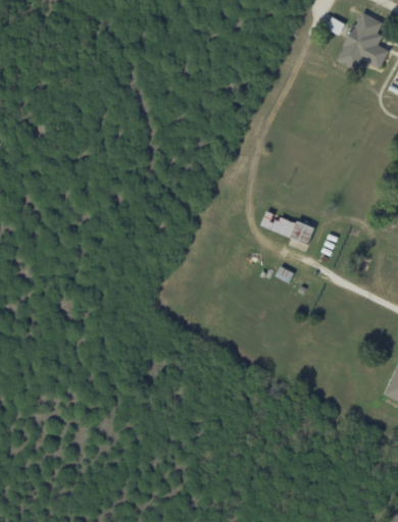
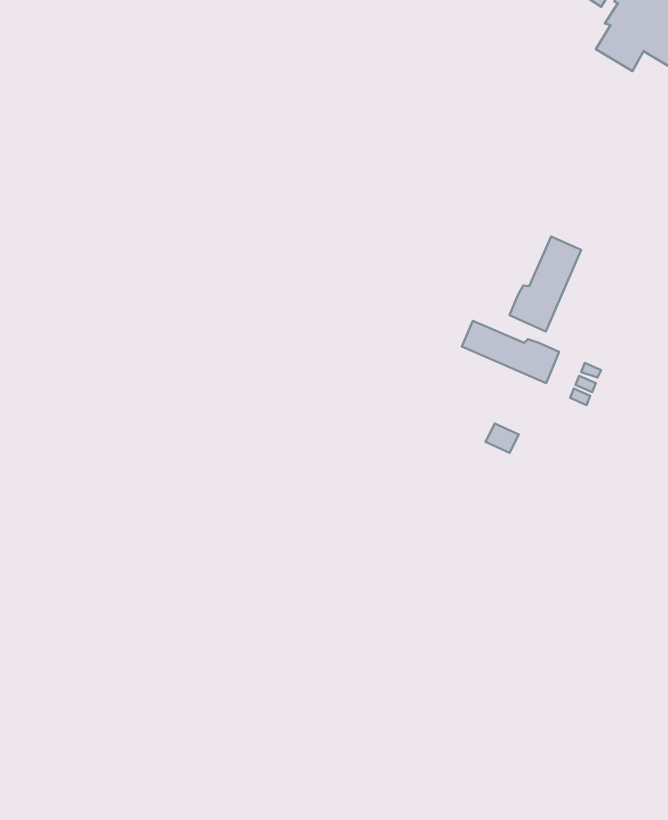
building: none -> [509,237,581,332]

